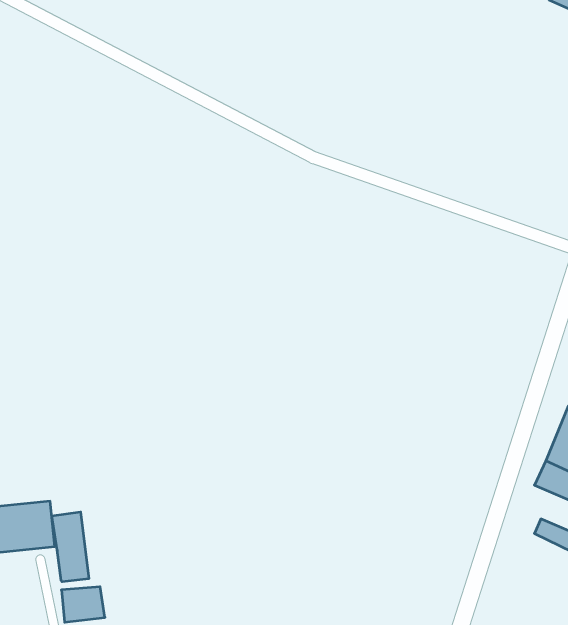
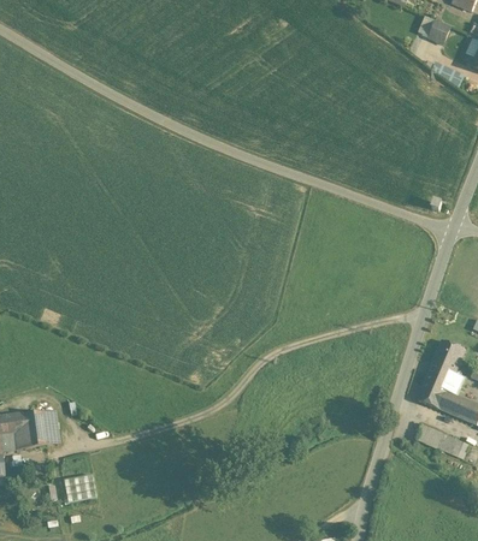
building: [52,512,89,582] -> none

